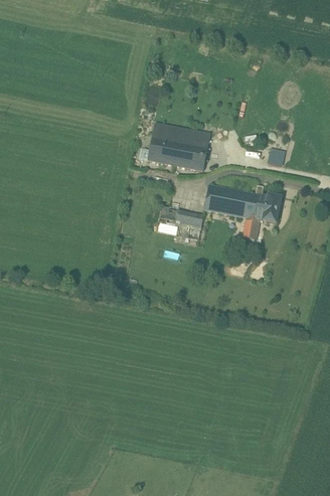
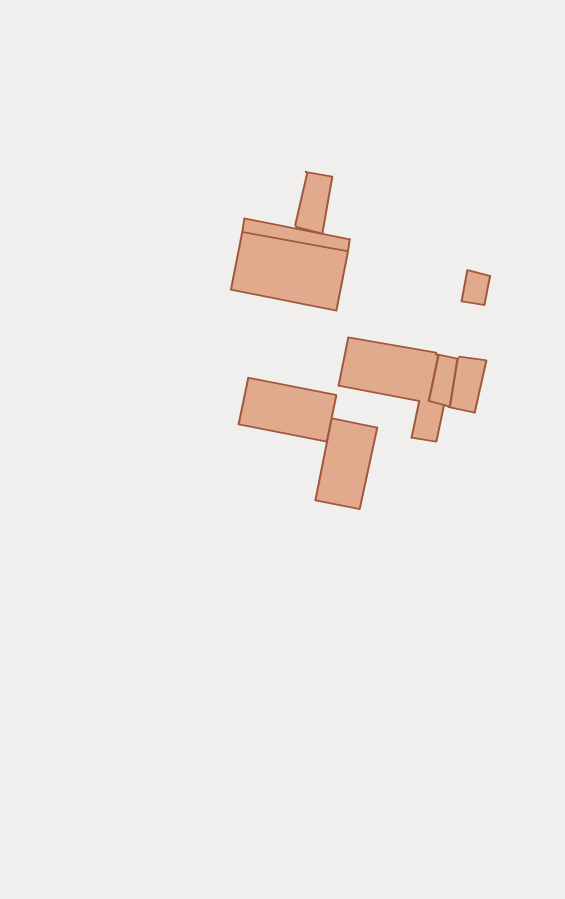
building: none -> [295,172,332,234]
building: none -> [316,418,377,509]

